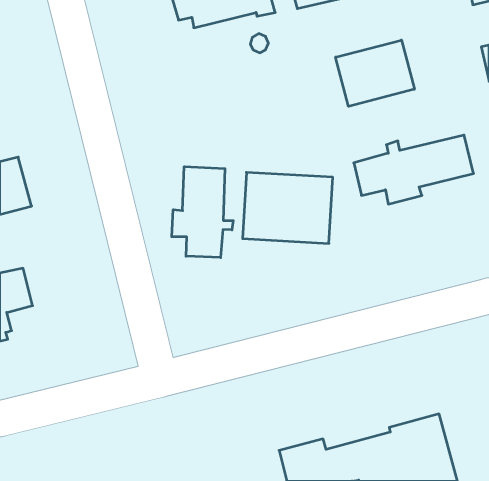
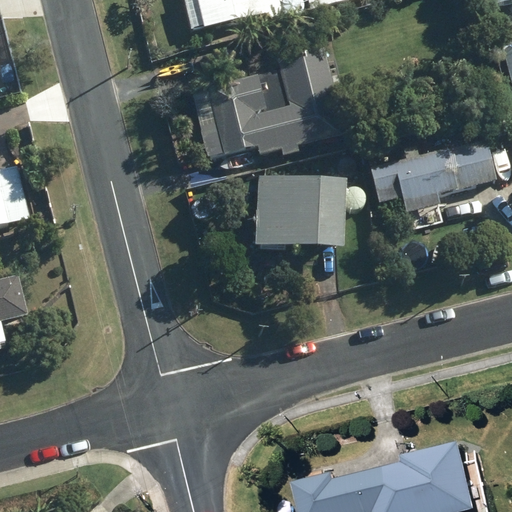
building: [336,40,414,106] -> none
building: none -> [191,49,342,157]
building: [172,167,233,258] -> none

